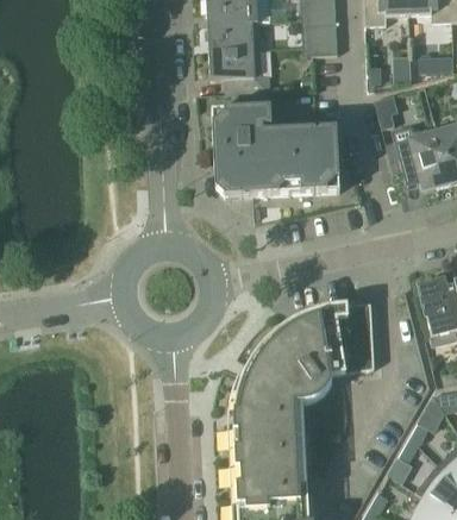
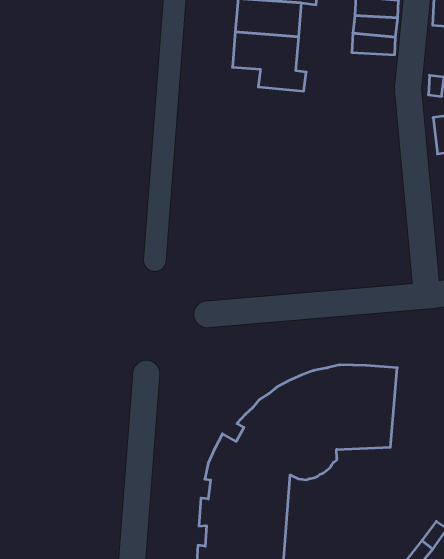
building: [213,106,342,195] -> none

